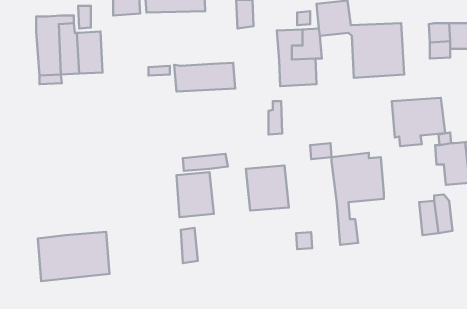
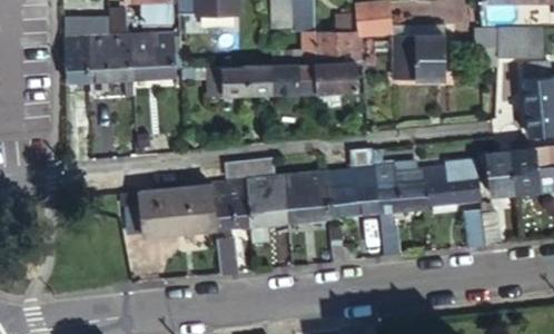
building: none -> [133,31,177,77]
building: none -> [271,65,320,94]
building: [392,98,445,146] -> [425,161,481,212]
building: none -> [325,169,379,217]
building: none -> [247,177,289,242]
building: [38,232,109,281] -> [141,184,216,235]

